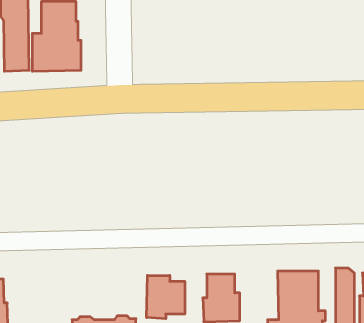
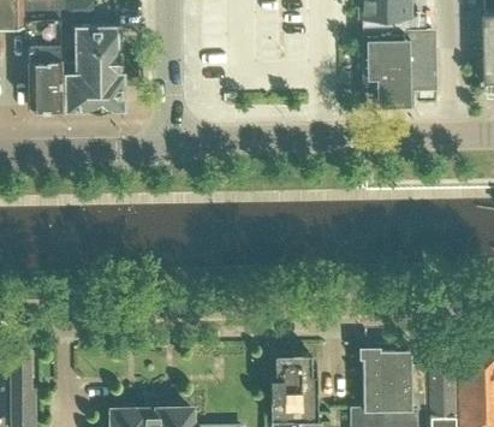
building: none -> [365,29,435,105]
building: [147,275,185,319] -> none

